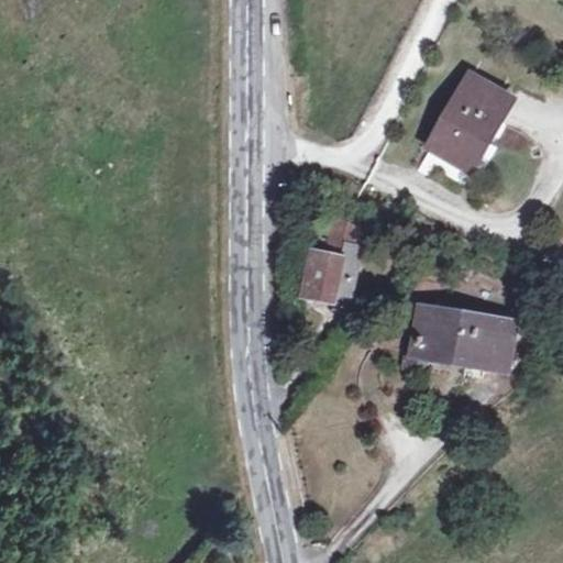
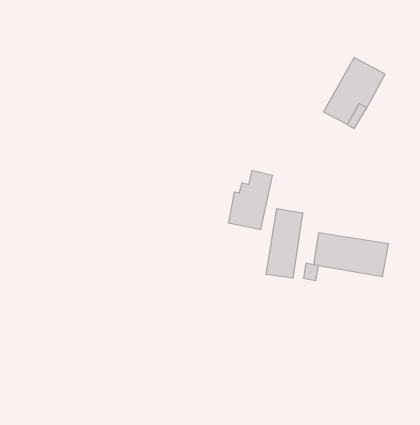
building: none -> [266,209,303,278]

